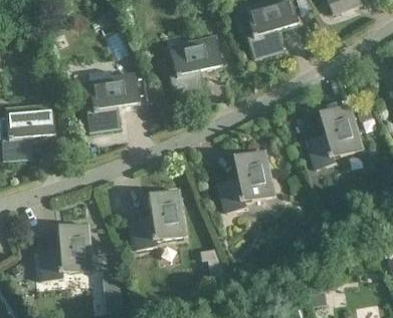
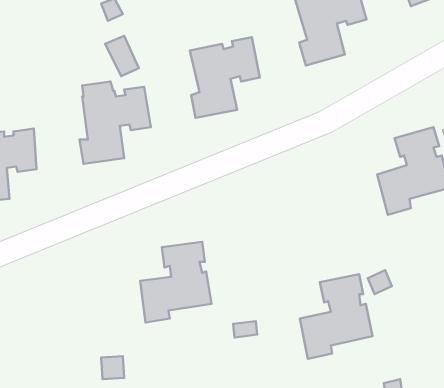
building: [220,148,274,212] -> [300,274,373,359]
building: [38,223,90,280] -> none

